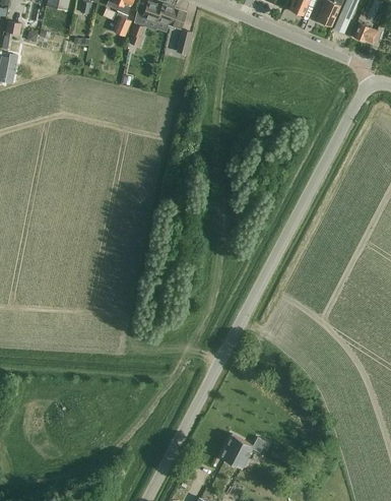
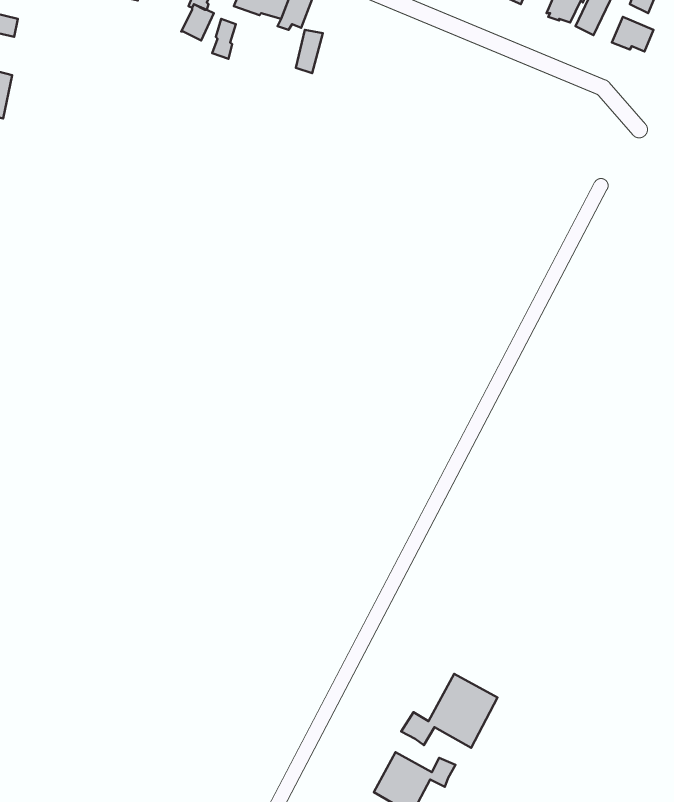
building: none -> [401,674,498,748]

